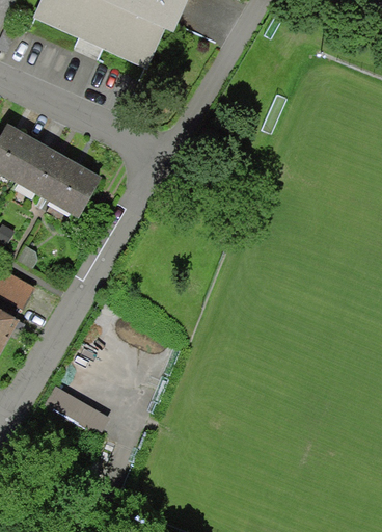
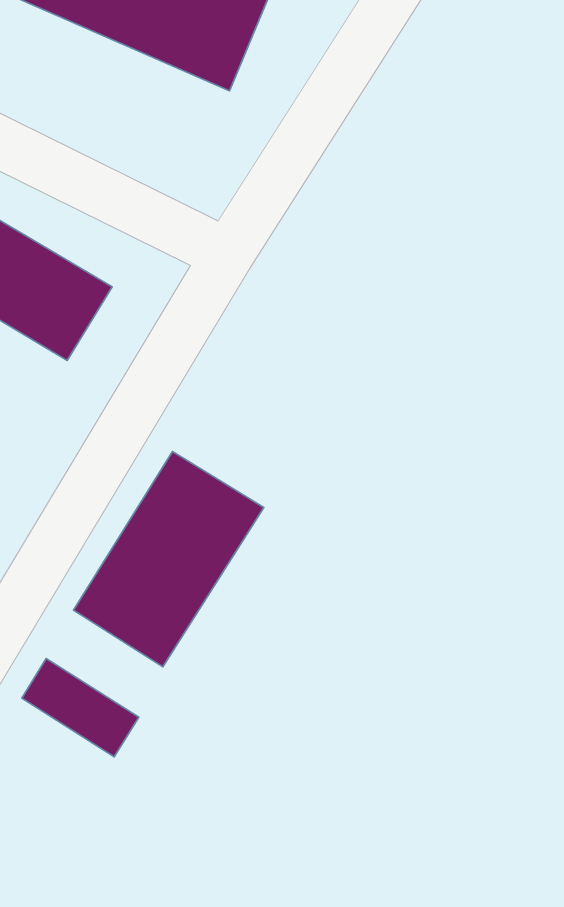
building: none -> [73,451,264,667]

